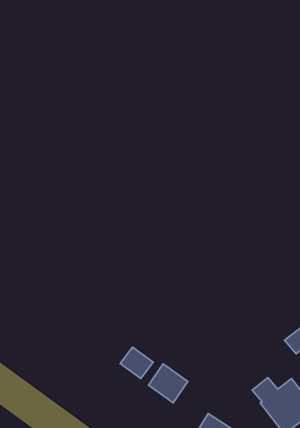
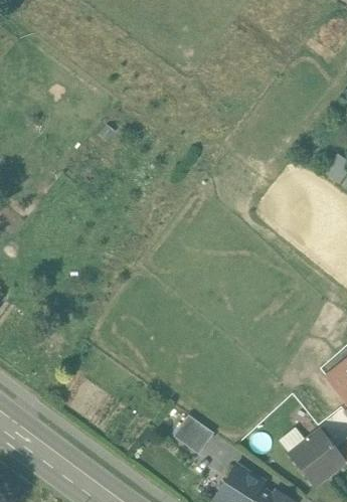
building: [120,347,153,379] -> none

